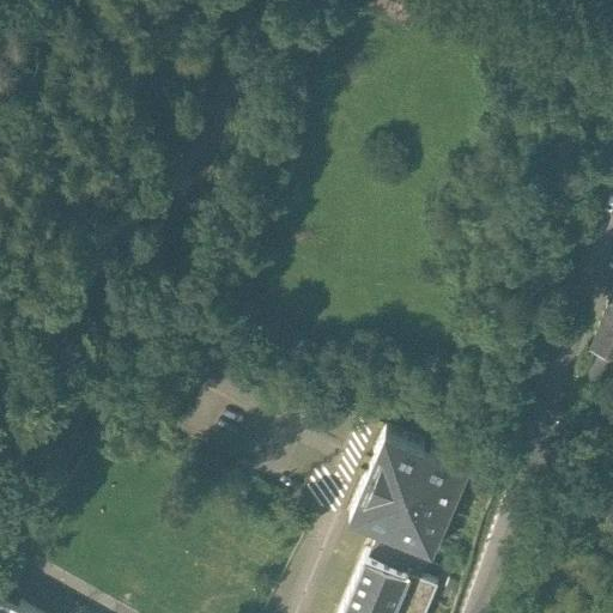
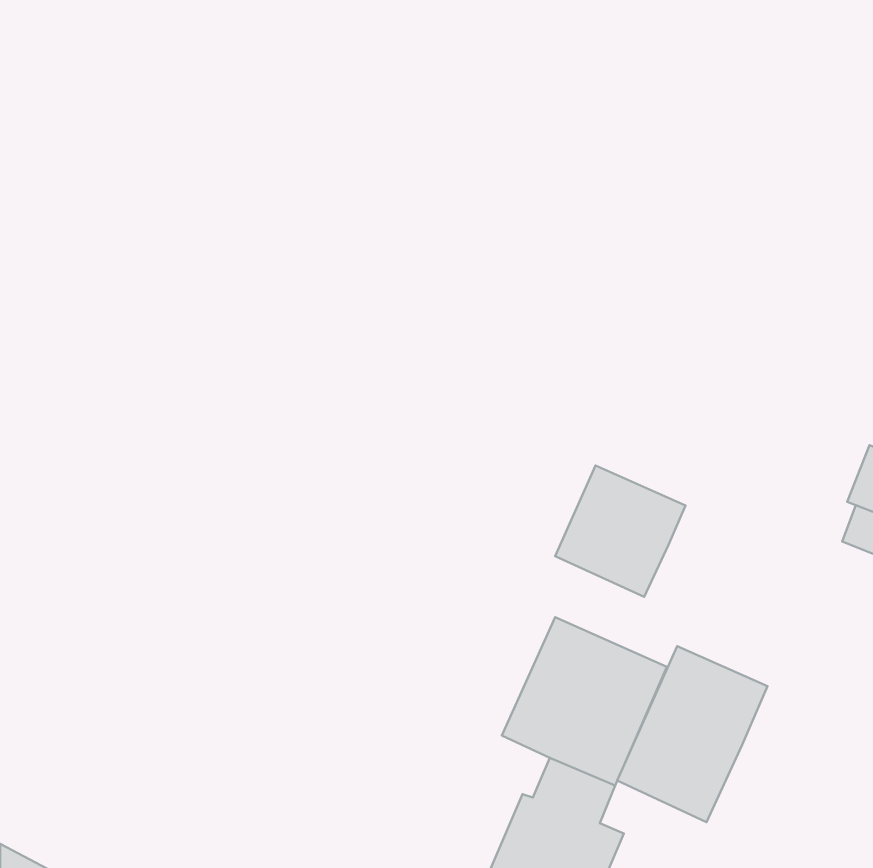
building: none -> [555,466,685,597]
building: none -> [617,646,768,822]

